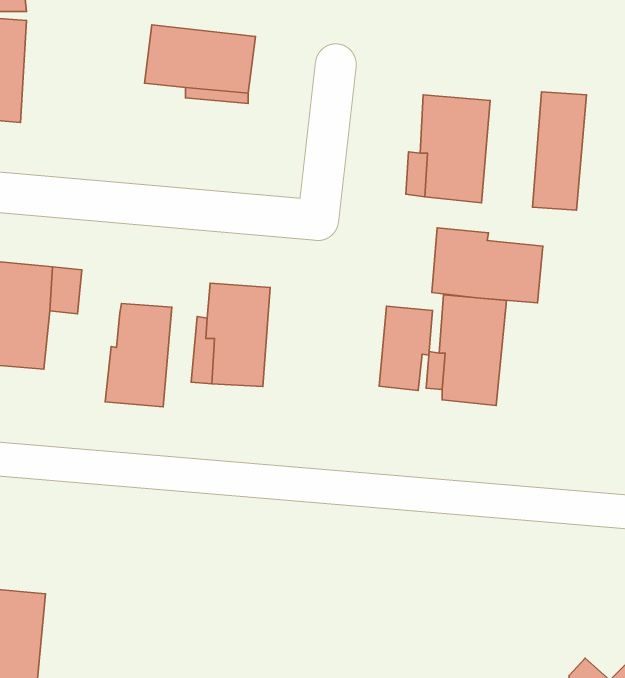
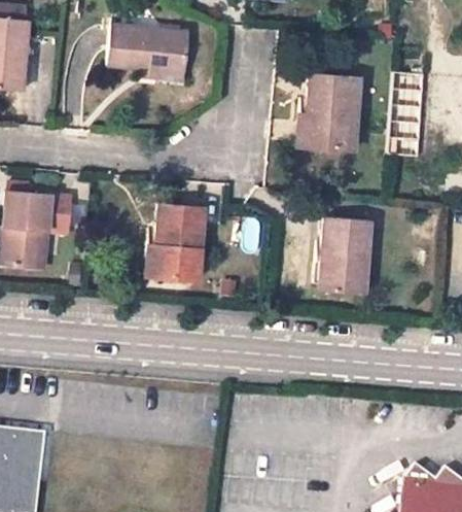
building: [432,228,543,303] -> none
building: [105,303,172,407] -> none
building: [379,306,433,391] -> none

